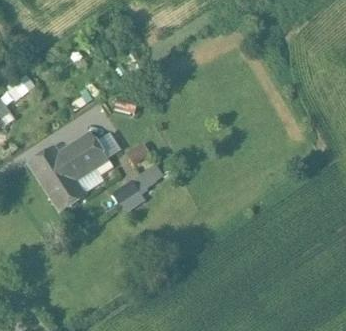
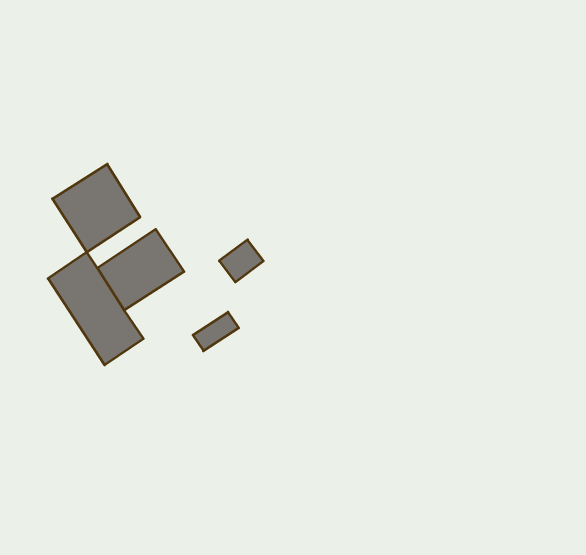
building: none -> [52,164,140,252]

